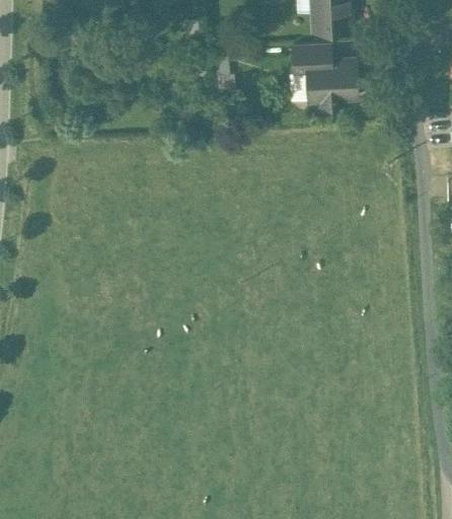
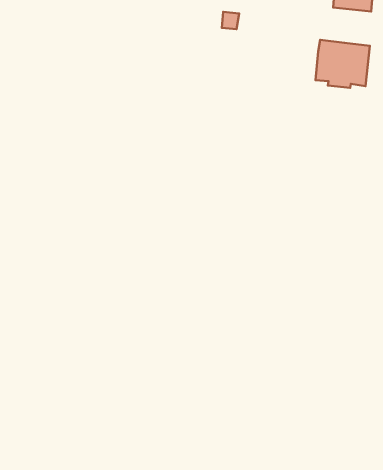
building: [294,44,331,74] -> none

